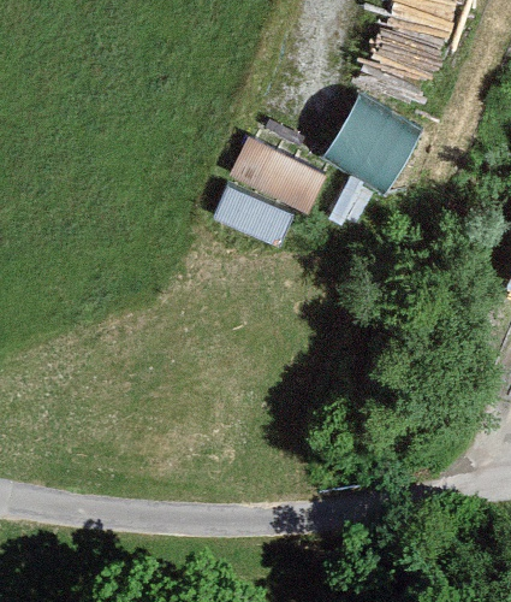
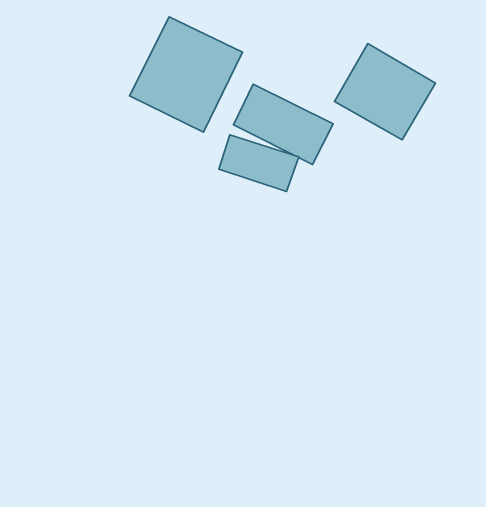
building: none -> [130,17,242,132]

